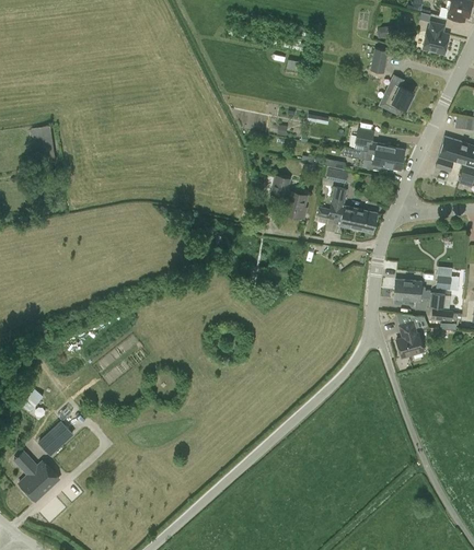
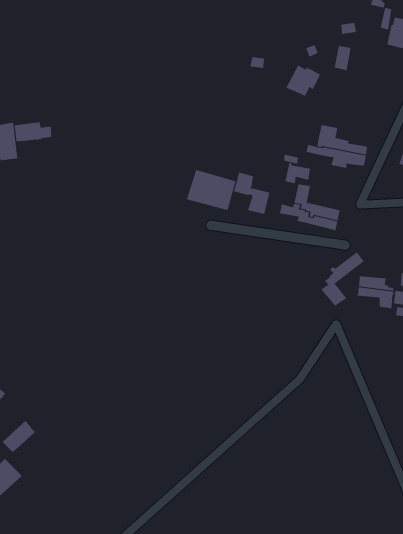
building: [379,83,414,115] -> [286,65,321,96]
building: none -> [14,122,52,142]
building: none -> [186,169,236,211]
building: none -> [320,252,365,307]
building: [397,321,425,358] -> none

